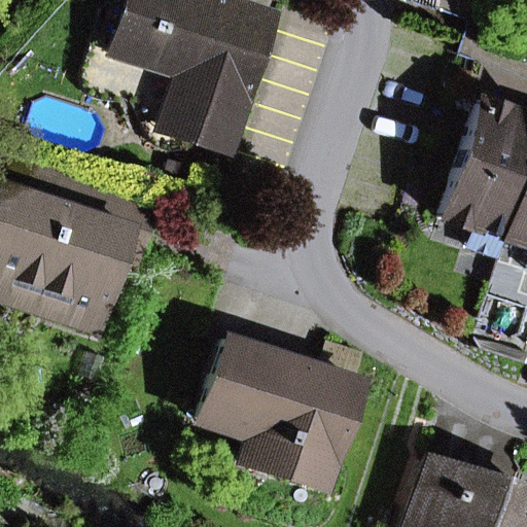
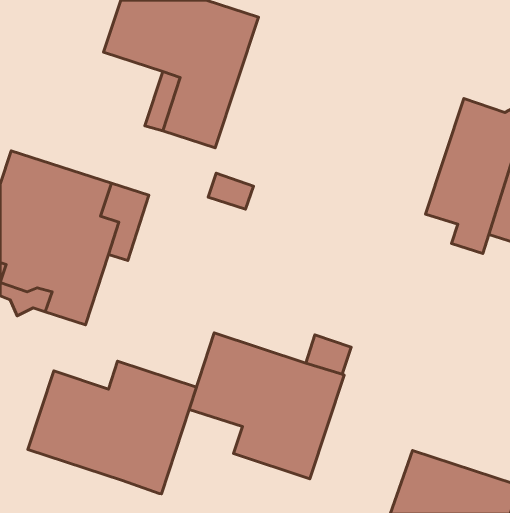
building: none -> [28,361,196,494]

